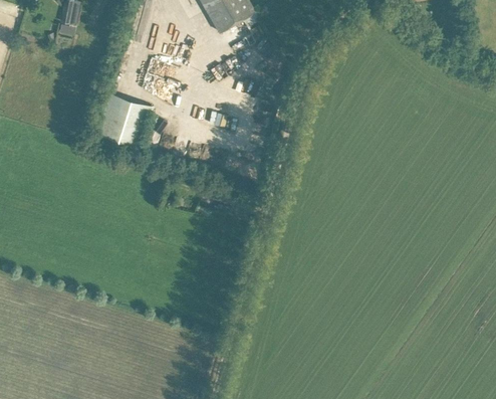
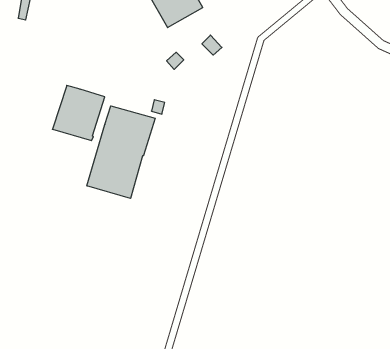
building: none -> [87,106,155,198]

